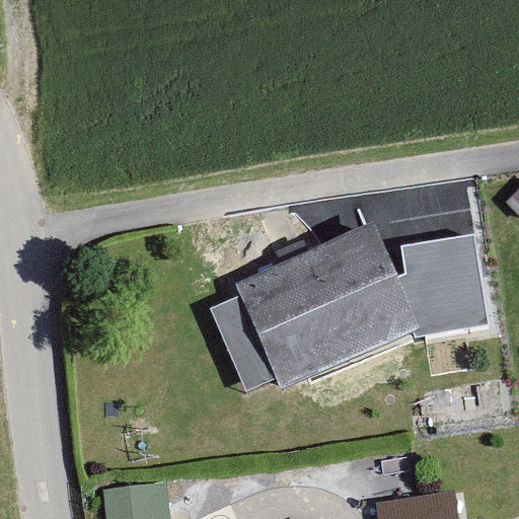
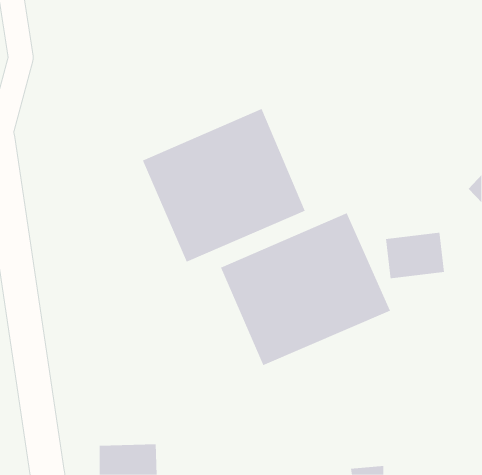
building: none -> [142,108,305,262]

